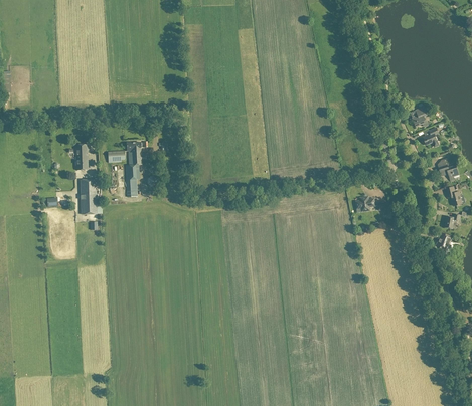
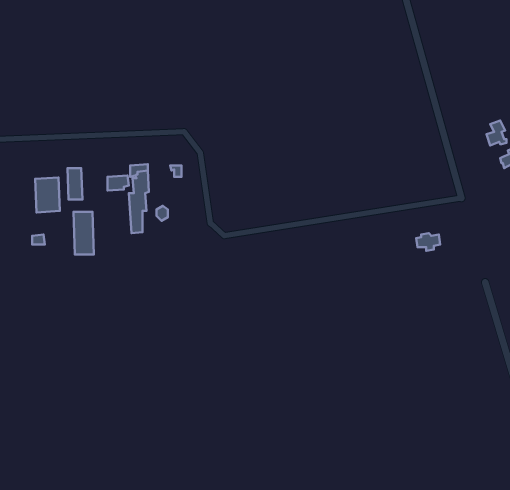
building: none -> [35,178,60,212]

